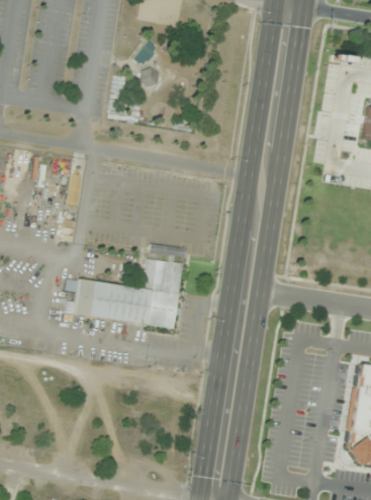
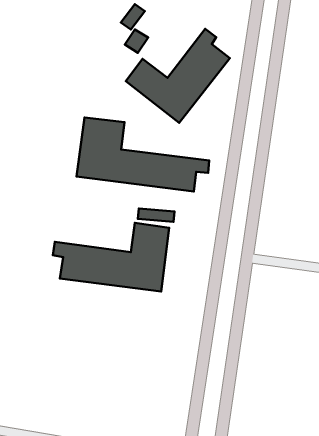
building: none -> [126,29,230,123]
building: none -> [77,118,209,192]

